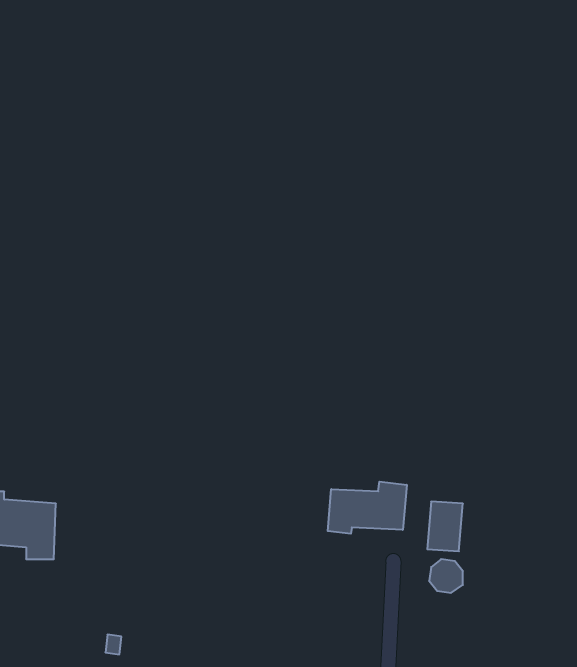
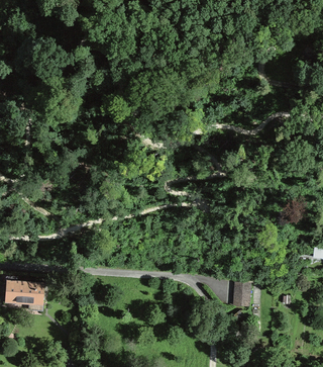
building: [328,482,407,534] -> none

